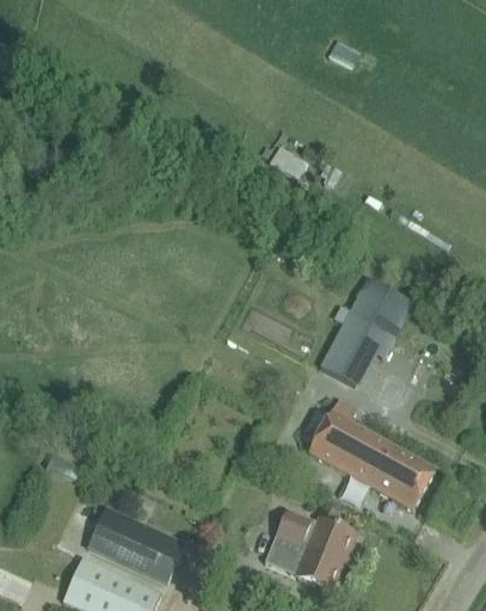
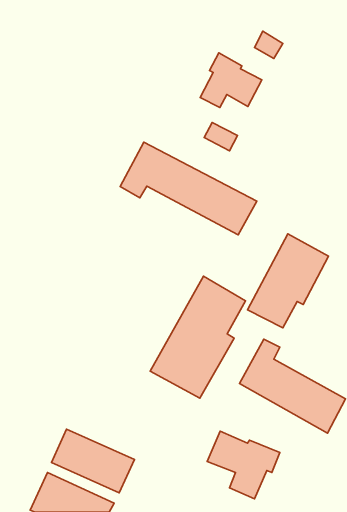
building: none -> [200,53,262,108]
building: none -> [120,142,257,235]
building: none -> [150,276,246,398]

